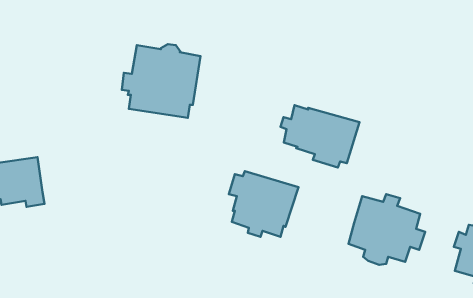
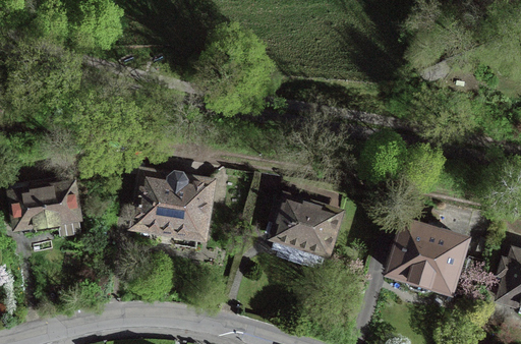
building: [122,44,201,118] -> [128,170,209,245]
building: [281,105,359,167] -> none

